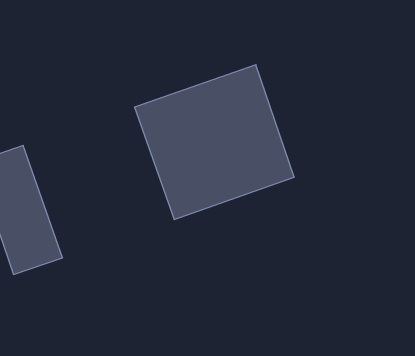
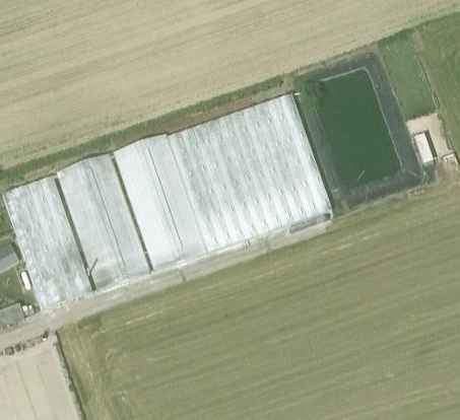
building: none -> [113,134,207,271]
building: none -> [56,153,150,290]

